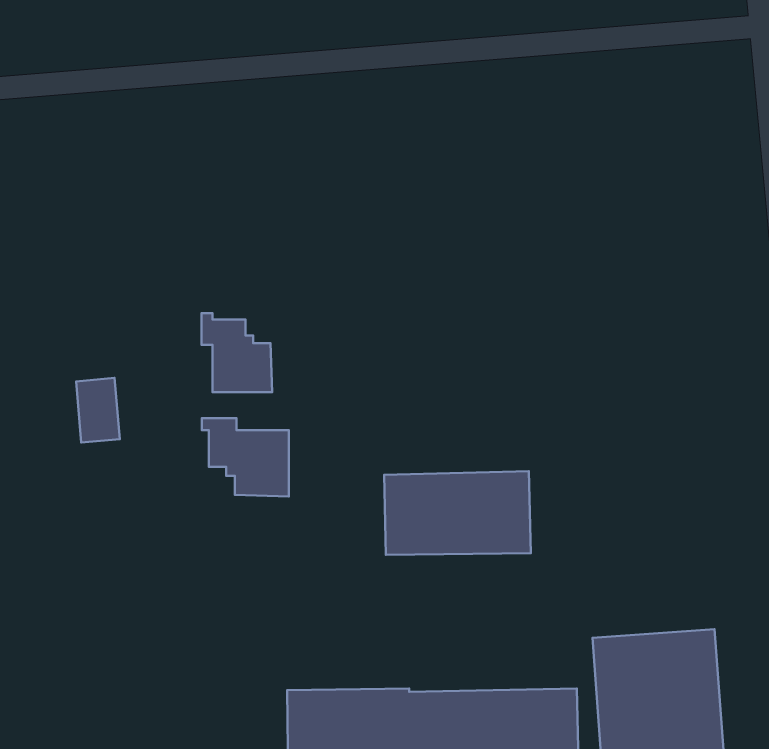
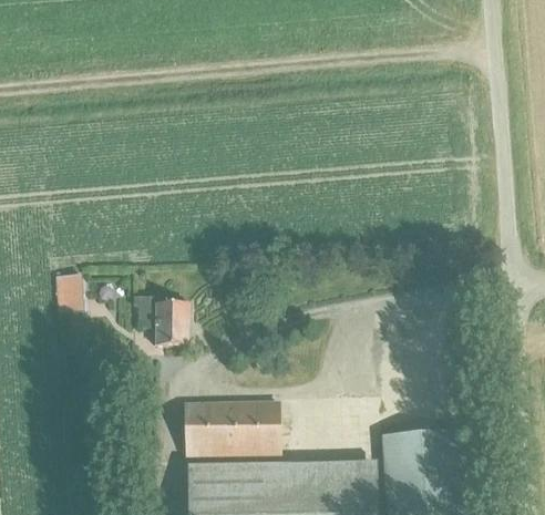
building: [202,313,272,392] -> none
building: [384,471,531,555] -> [186,401,279,454]

